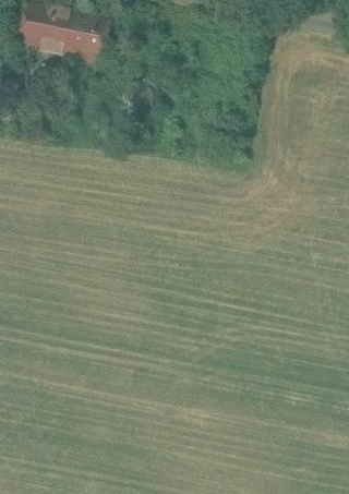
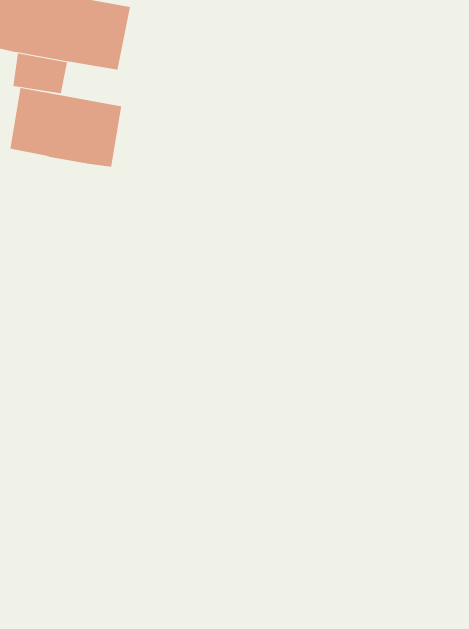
building: none -> [10,87,122,168]

